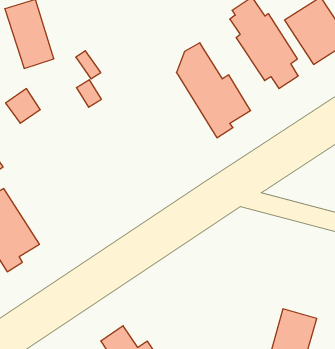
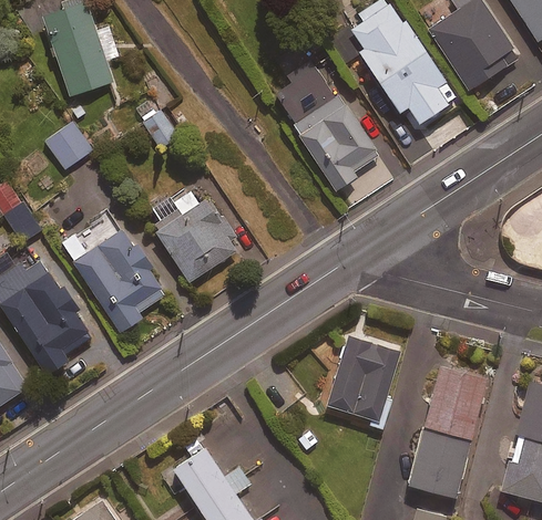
building: none -> [152,190,238,281]
building: none -> [61,211,164,332]
building: none -> [325,337,400,431]
building: none -> [426,365,489,438]

